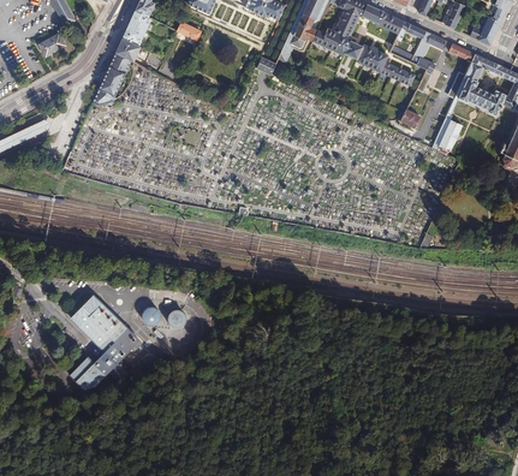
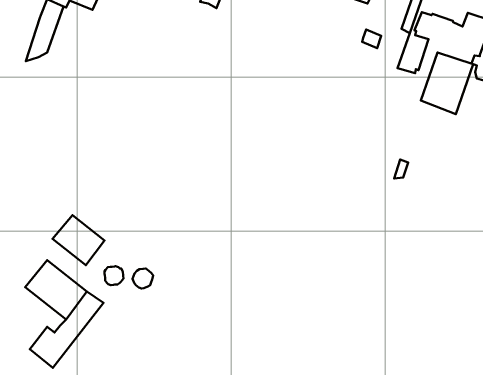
building: none -> [421,52,473,114]
building: none -> [52,215,105,265]

